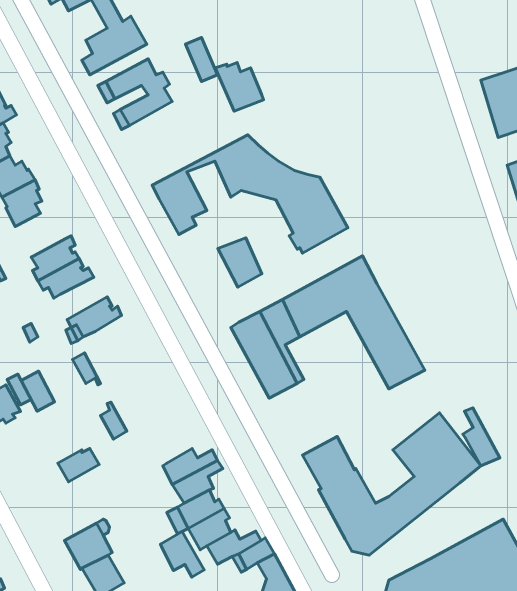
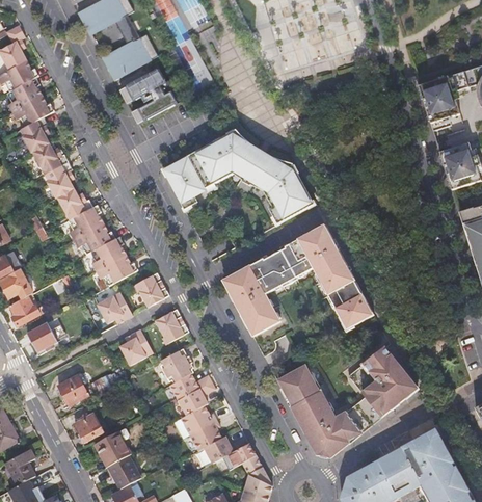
building: [215,63,264,111] -> none
building: none -> [56,189,93,222]
building: [218,238,262,287] -> [188,149,222,187]
building: none -> [89,237,126,272]
building: none -> [134,272,169,308]
building: none -> [156,310,190,345]
building: [21,371,55,411] -> [108,291,134,322]
building: none -> [129,329,155,360]
building: [463,408,500,466] -> none
building: none -> [160,348,194,385]
building: none -> [57,376,88,406]
building: none -> [73,414,102,442]
building: [161,531,204,577] -> none

